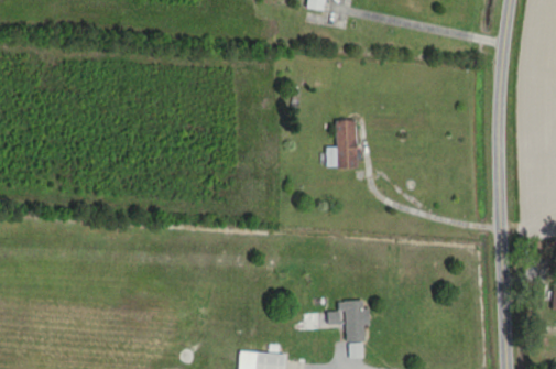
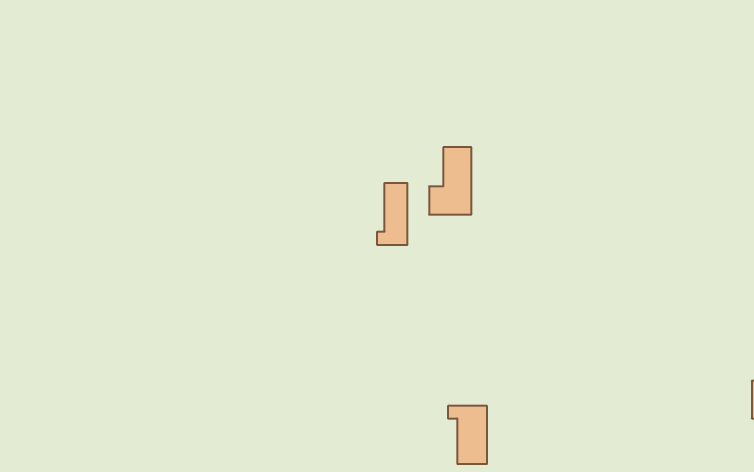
building: none -> [377,183,407,245]

